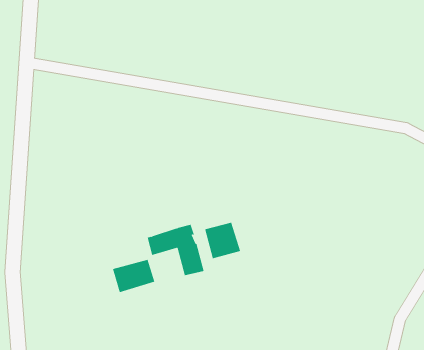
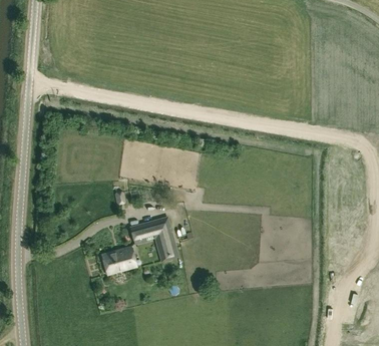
building: [204,222,241,259] -> none

